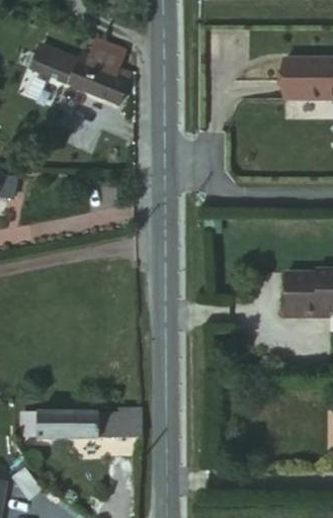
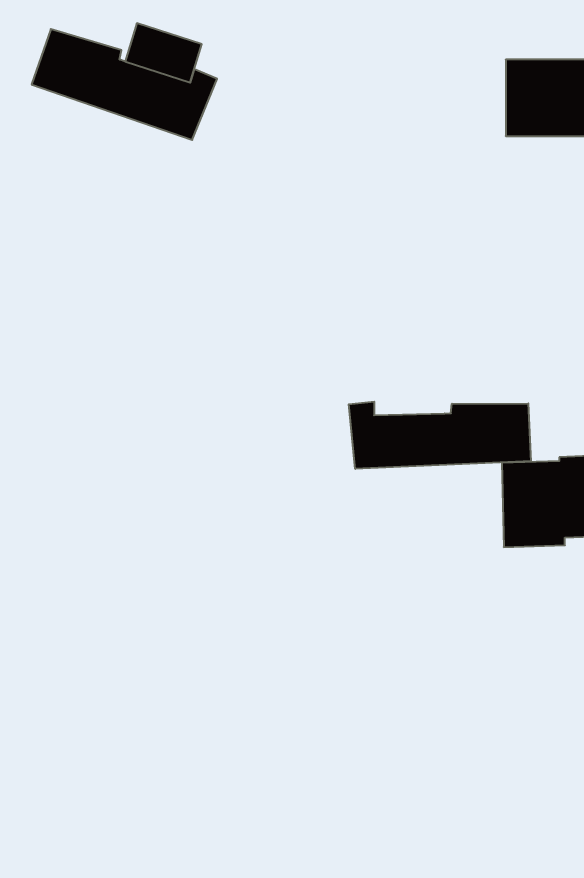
building: none -> [349,402,531,469]
building: [23,411,140,440] -> none

